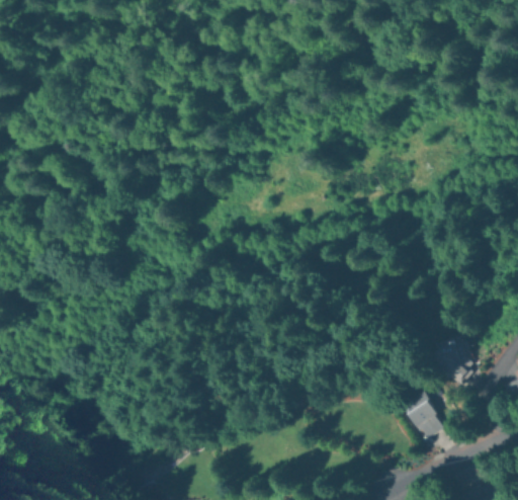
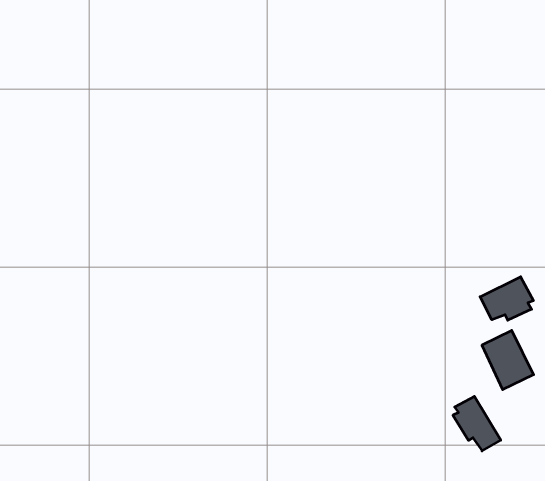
building: none -> [480,277,533,320]

